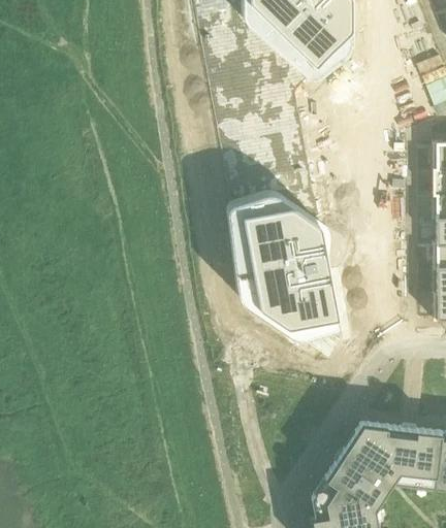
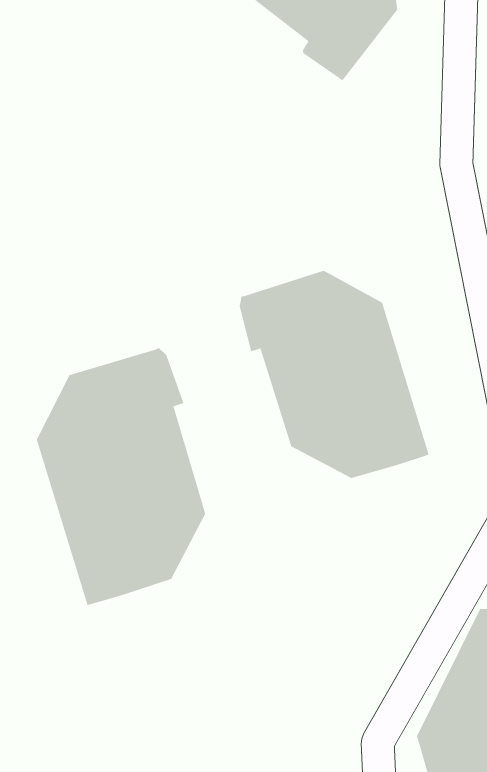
building: none -> [36,347,206,606]

